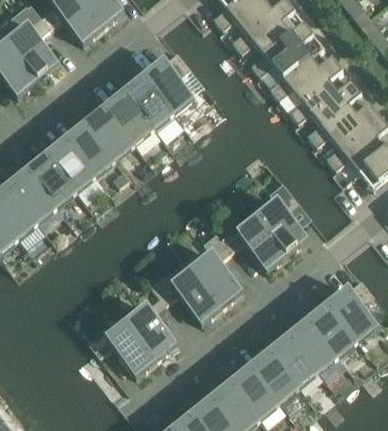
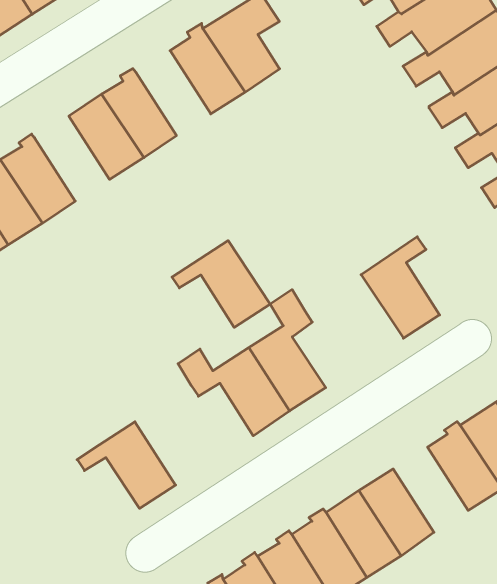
building: [104,89,153,141] -> none
building: [46,134,95,188] -> none
building: [224,215,286,268] -> [172,241,270,327]
building: [126,294,176,356] -> none
building: [288,315,337,369] -> none

